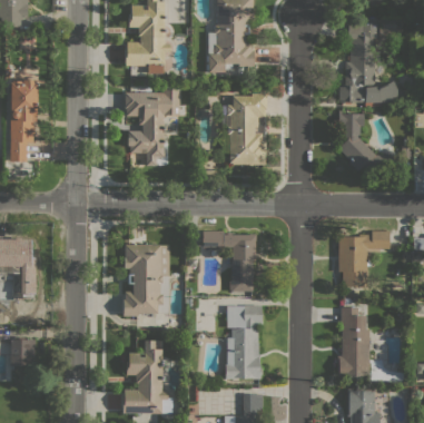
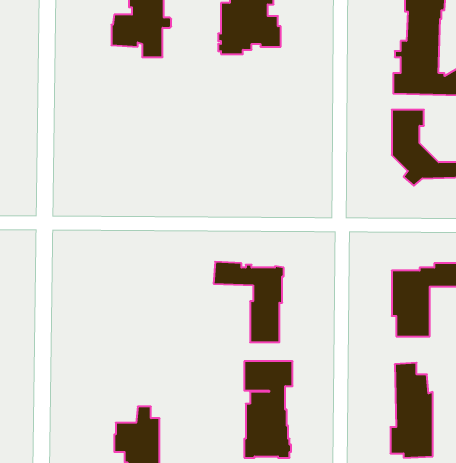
building: [125,89,179,166] -> none
building: [226,94,267,165] -> none
building: [122,245,169,316] -> none

